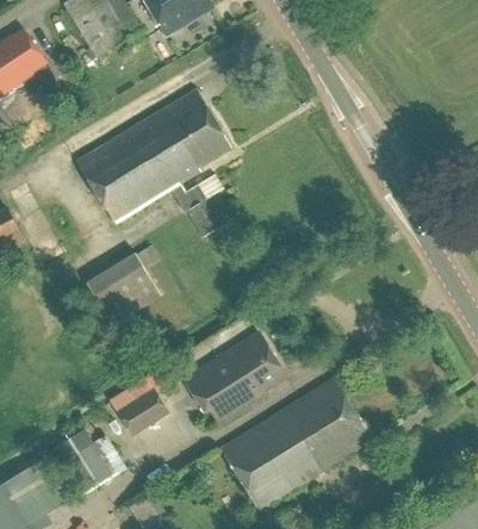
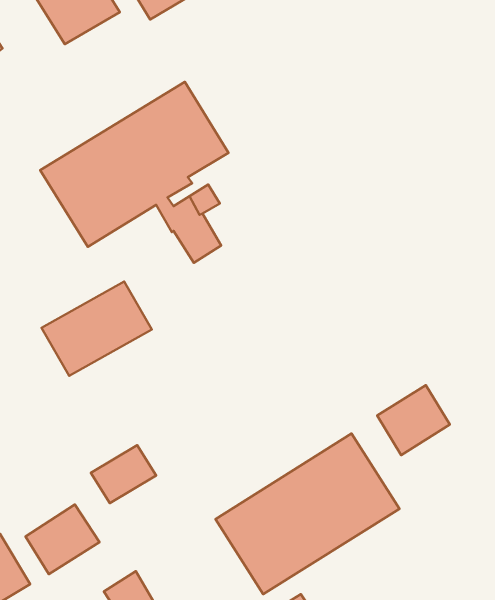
building: [182,330,285,423] -> none
building: none -> [377,385,450,455]

